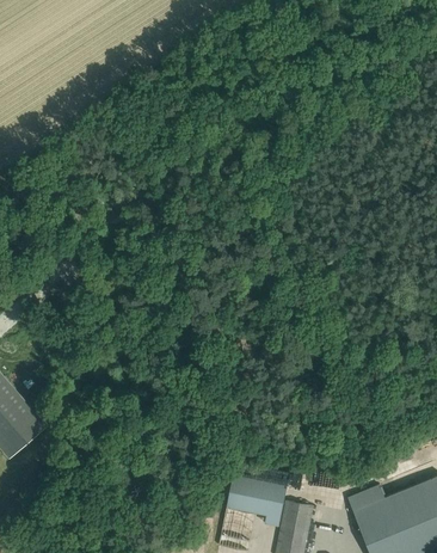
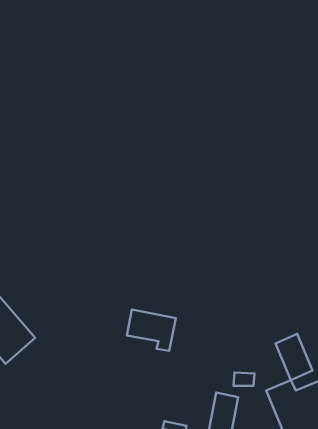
building: none -> [276,334,313,380]
building: [224,474,285,526] -> [127,310,176,351]

